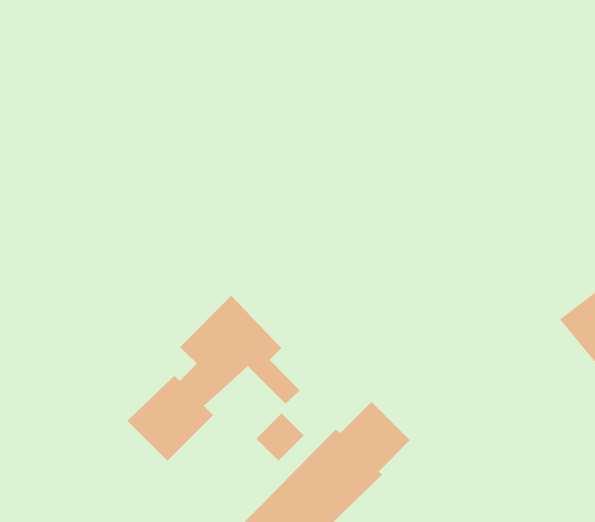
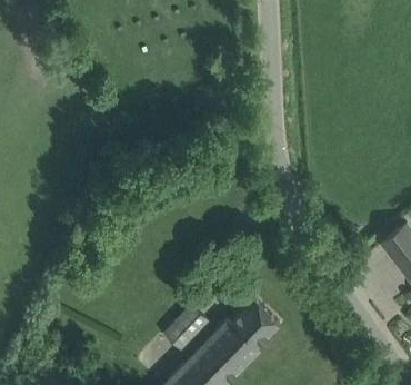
building: [126,295,300,461] -> none

